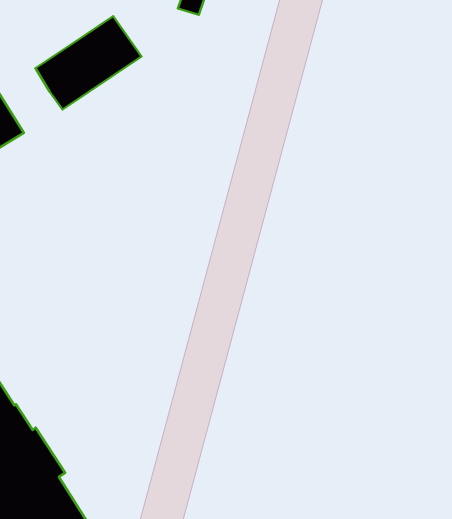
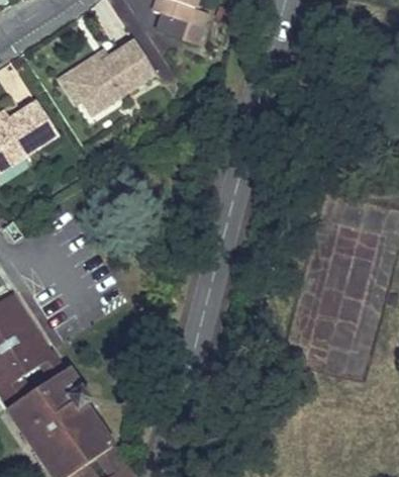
building: none -> [53,52,105,108]

